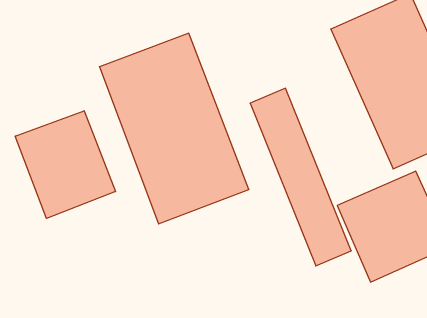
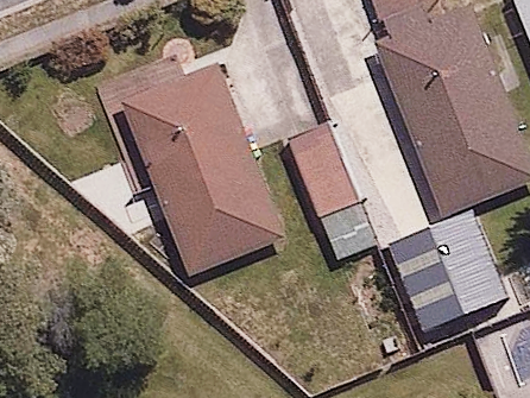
building: [15,111,115,218] -> none

